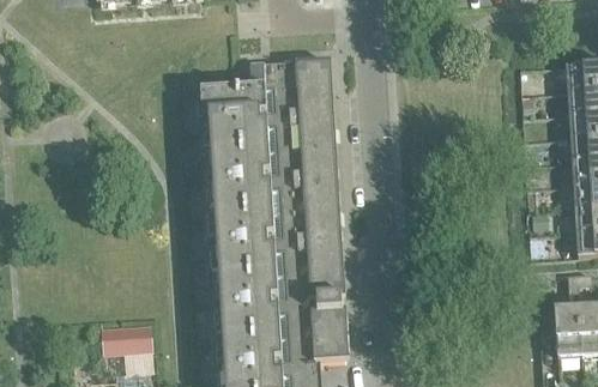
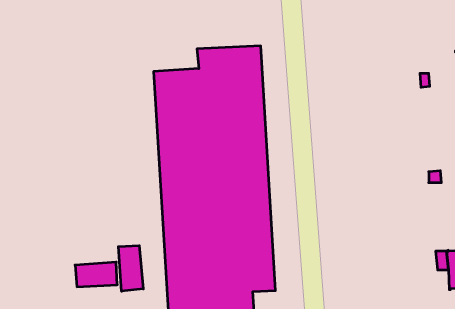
building: none -> [118,246,143,291]

